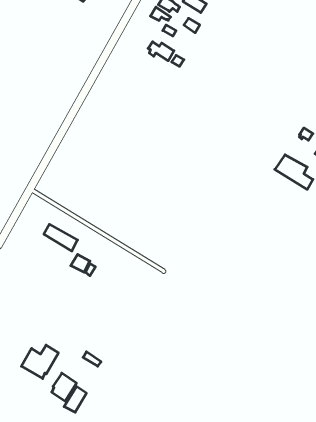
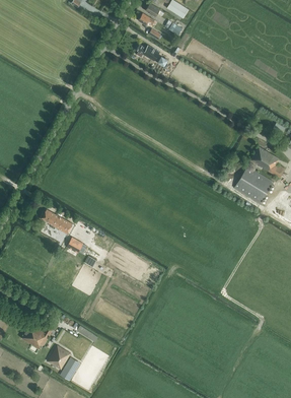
building: none -> [234,165,274,204]

